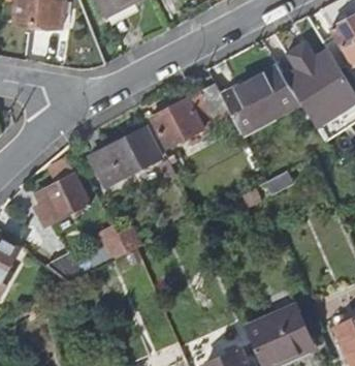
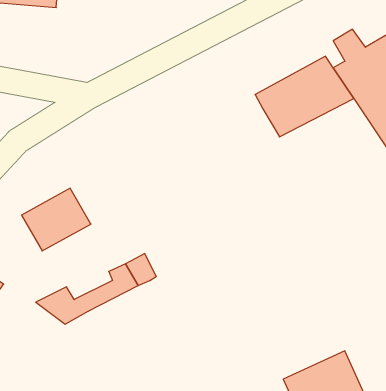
building: [151,84,227,148] -> none
building: [90,127,162,185] -> none

